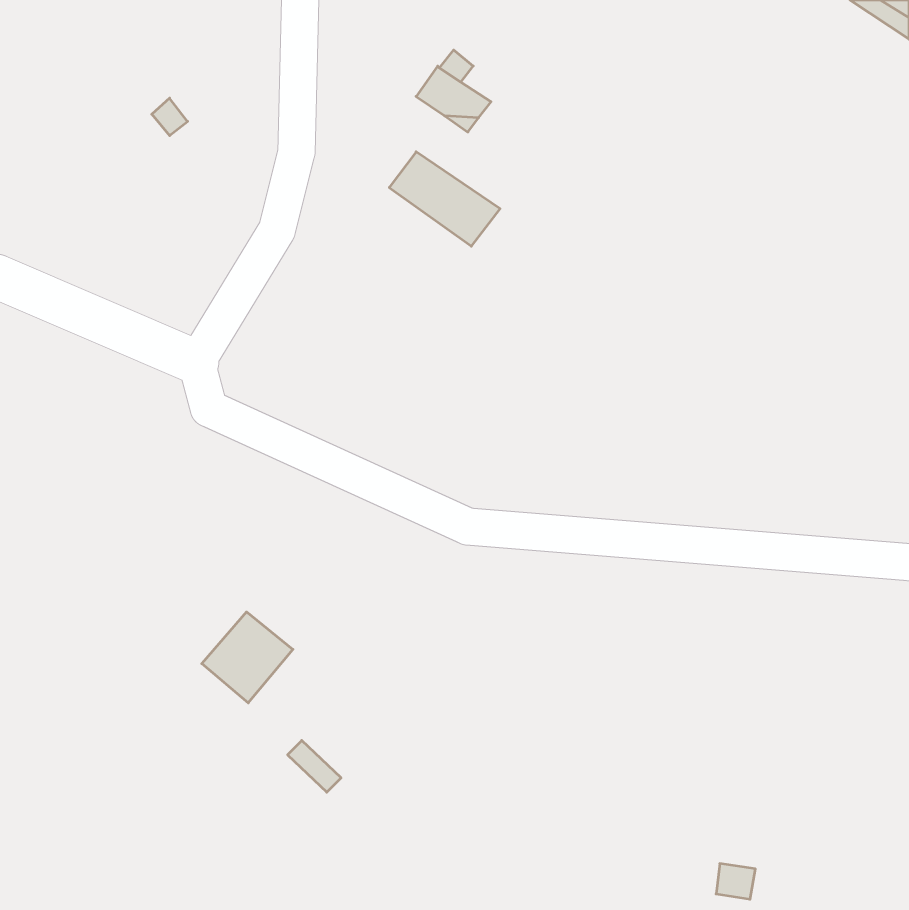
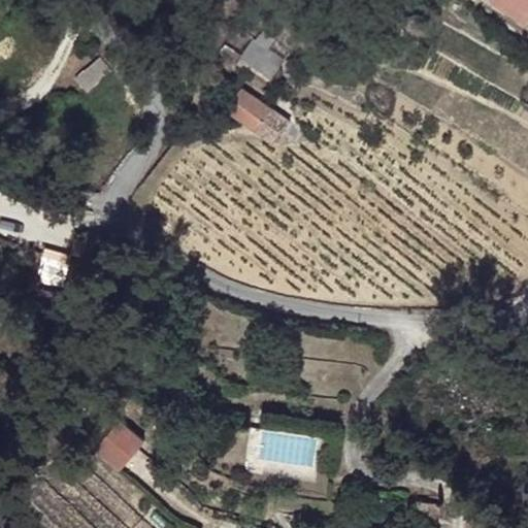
building: [202,612,293,703] -> [92,420,144,472]

